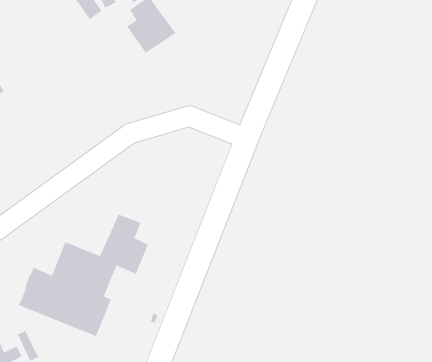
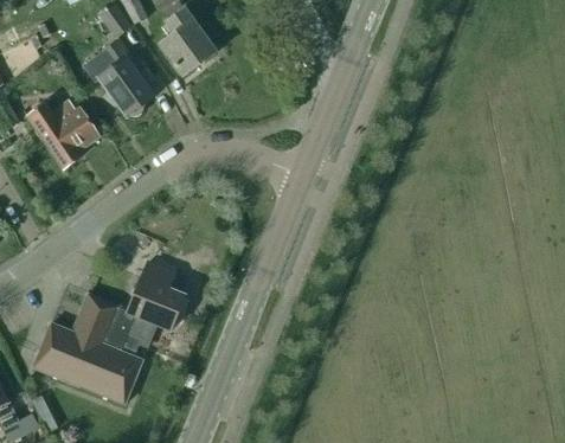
building: none -> [84,38,153,115]
building: none -> [28,98,98,167]

